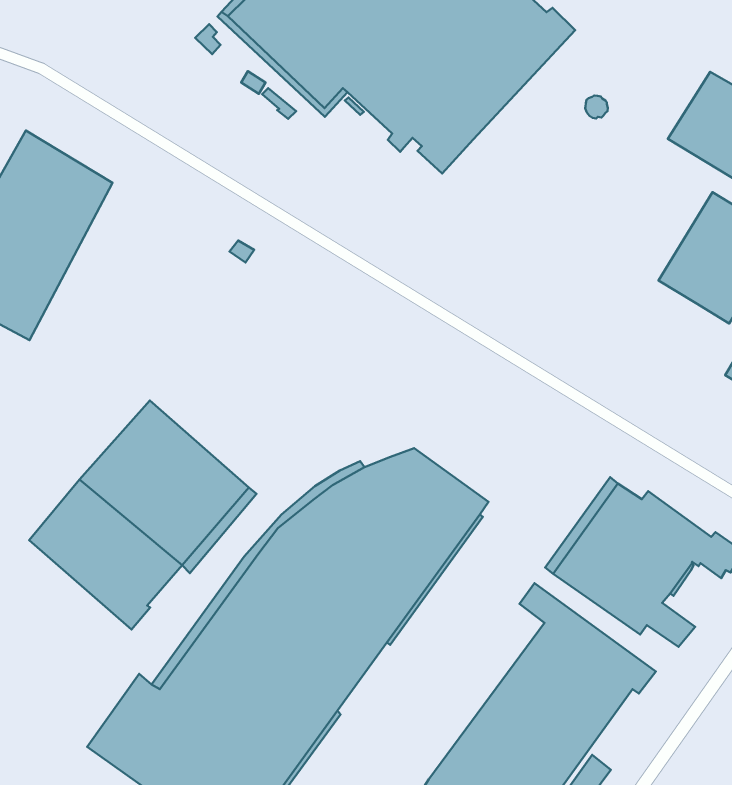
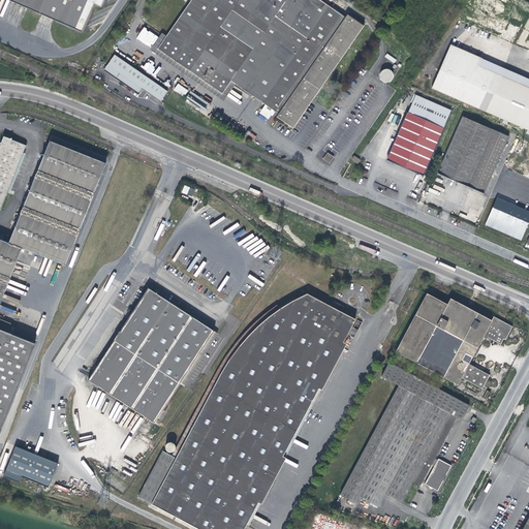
building: none -> [107,58,172,105]
building: none -> [387,94,452,174]

